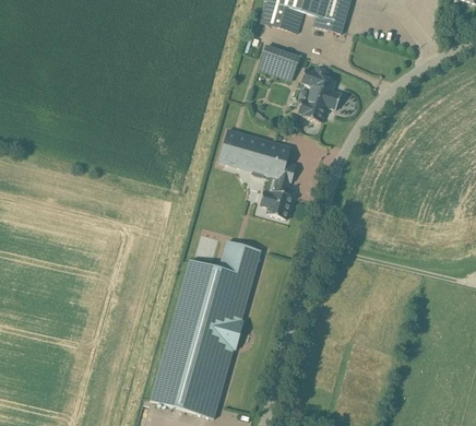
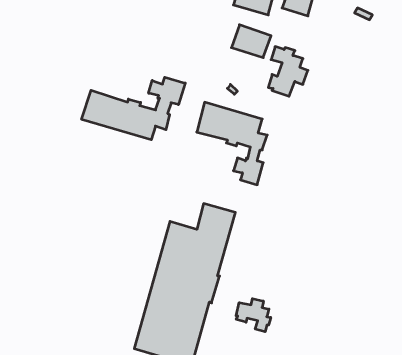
building: none -> [82,77,185,140]
building: none -> [236,299,271,332]

